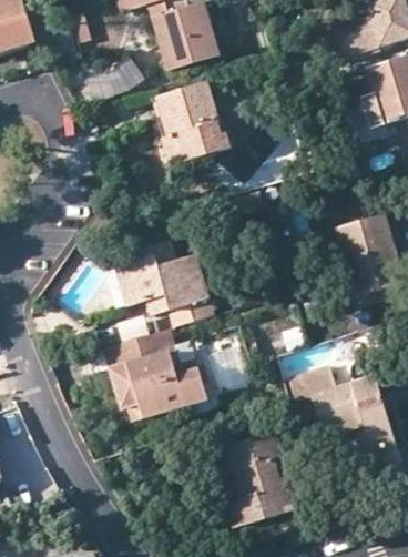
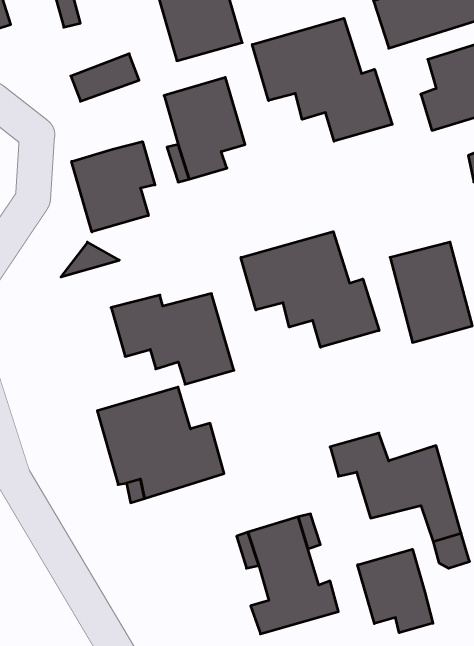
building: none -> [252,18,392,141]
building: none -> [72,142,155,232]
building: none -> [241,232,379,347]
building: none -> [358,549,433,633]

